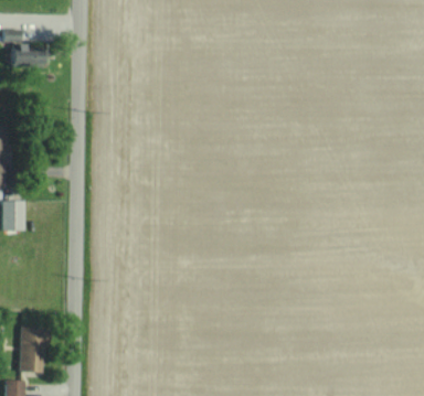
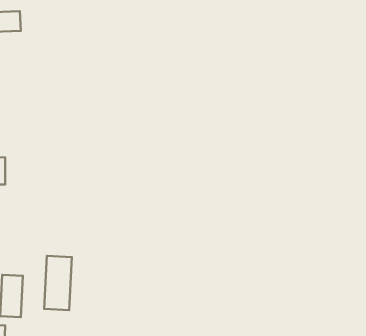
building: none -> [44,256,72,310]

